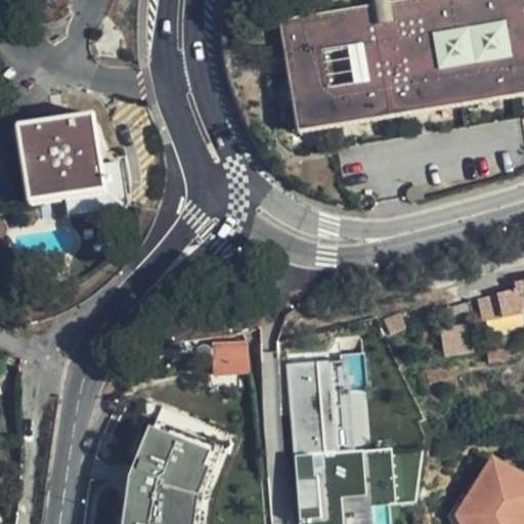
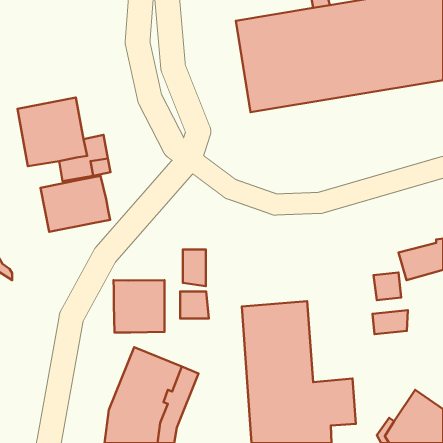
building: none -> [41,176,110,232]
building: none -> [183,250,206,286]
building: none -> [114,280,164,333]
building: none -> [372,310,408,334]

